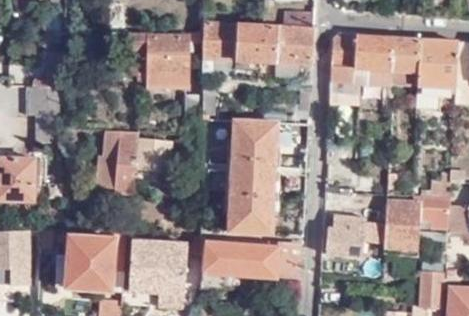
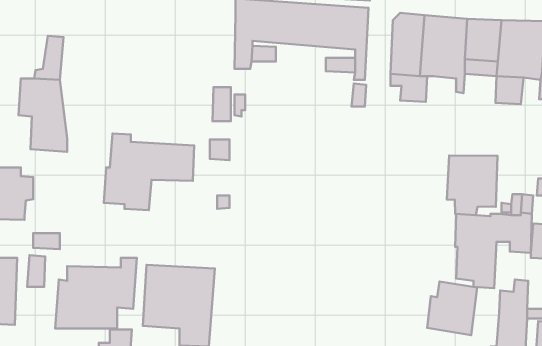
building: [125,32,202,83] -> none
building: [228,119,277,233] -> none
building: none -> [447,155,497,215]
building: [325,212,366,256] -> [427,281,477,335]
building: [196,236,303,289] -> none

